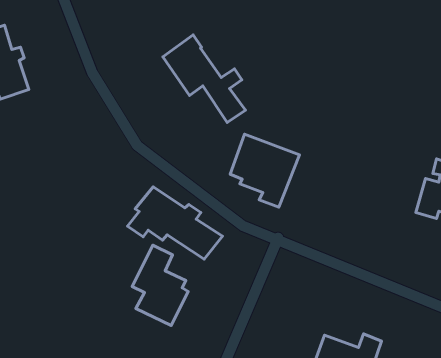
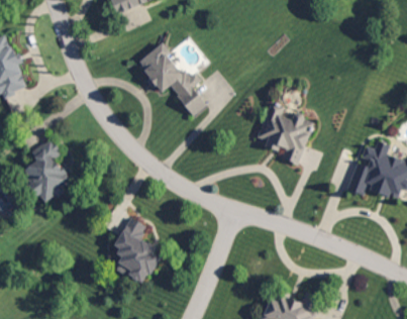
building: [230,134,299,207] -> [257,104,314,165]
building: none -> [22,138,70,204]
building: [127,187,223,259] -> none

